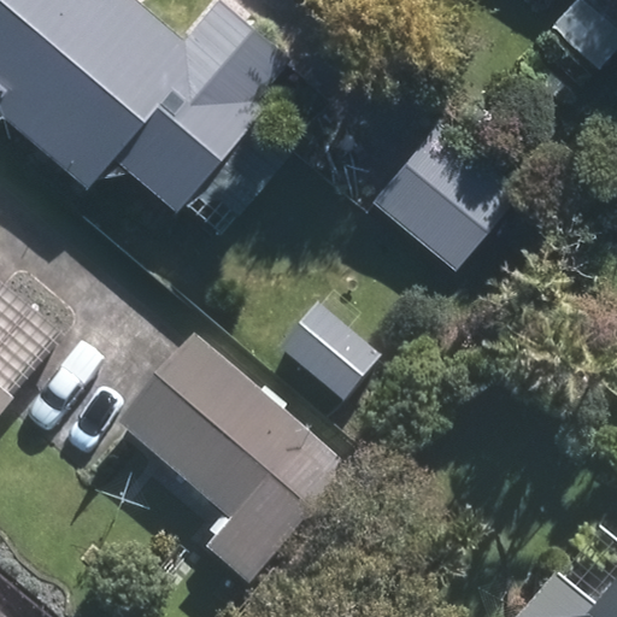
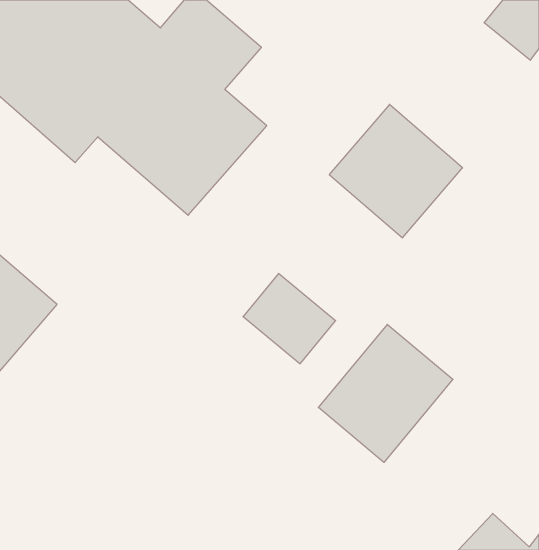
building: [111,336,346,589] -> none
building: none -> [318,324,453,462]

